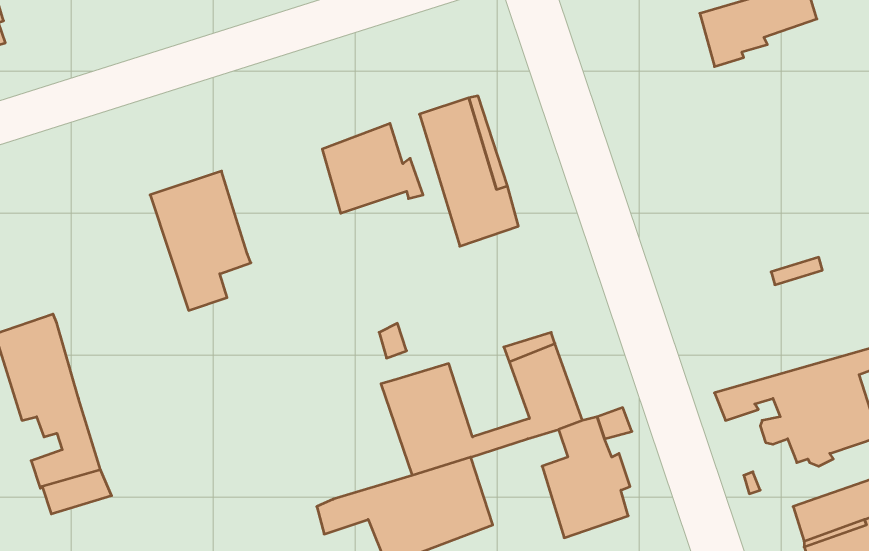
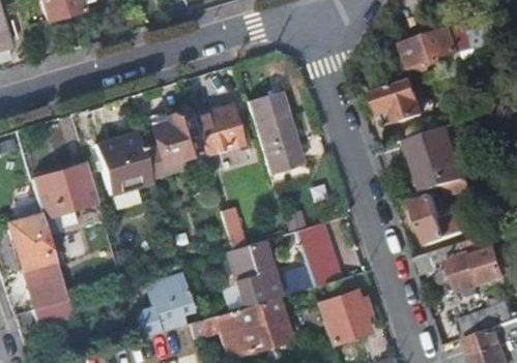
building: none -> [375,66,451,122]
building: none -> [143,113,198,178]
building: none -> [409,127,465,190]
building: none -> [34,162,97,260]
building: none -> [415,194,464,245]
building: none -> [139,270,194,334]

